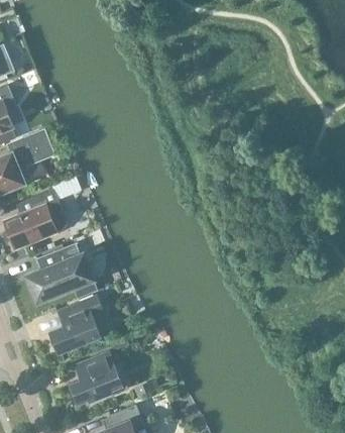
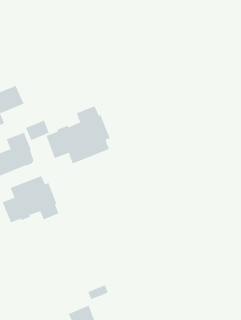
building: none -> [46,106,111,164]
building: [47,295,104,355] -> none
building: [69,351,122,405] -> none

